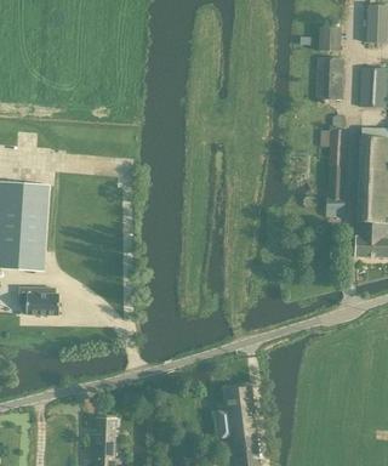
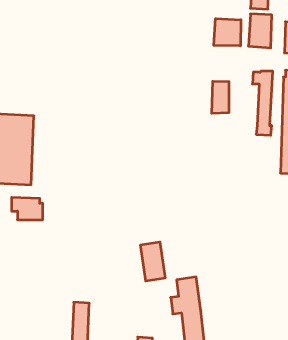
building: none -> [214,19,241,46]
building: none -> [212,81,229,113]
building: none -> [141,242,165,281]

